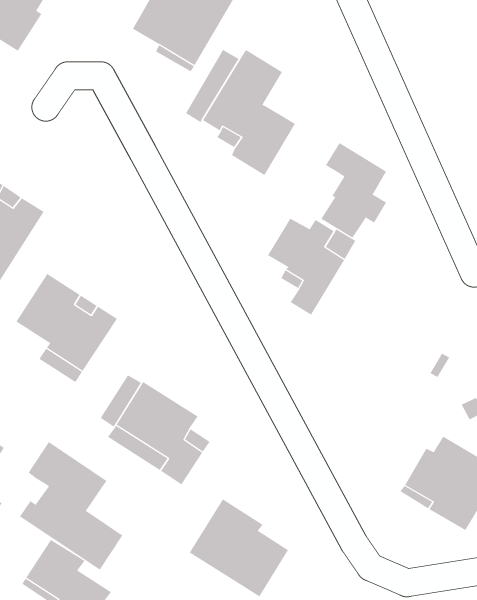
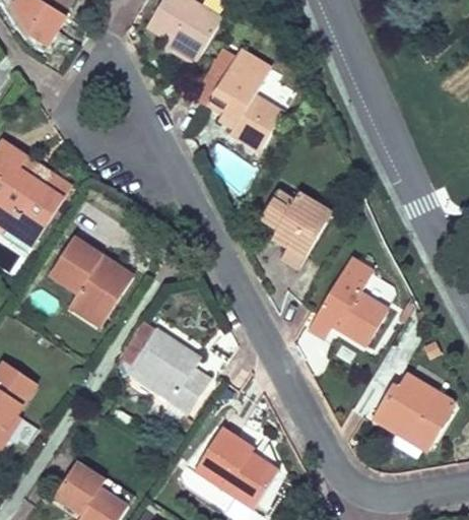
building: [321,142,387,239] -> none
building: none -> [307,255,389,347]
building: [19,441,123,570] -> none

